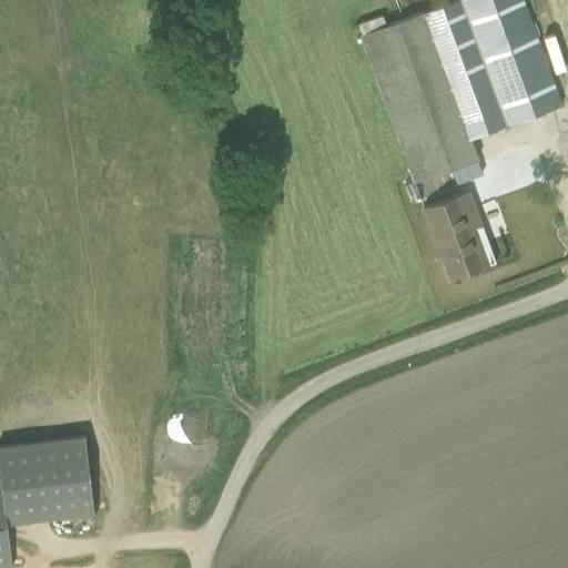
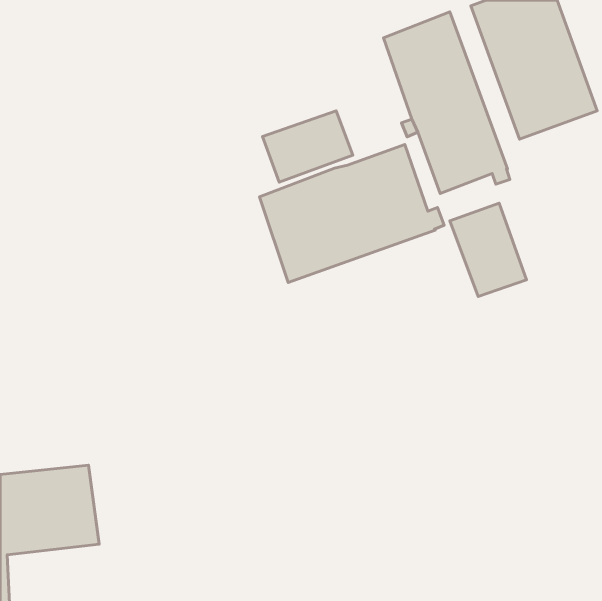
building: none -> [263,111,353,182]
building: none -> [259,144,444,282]

